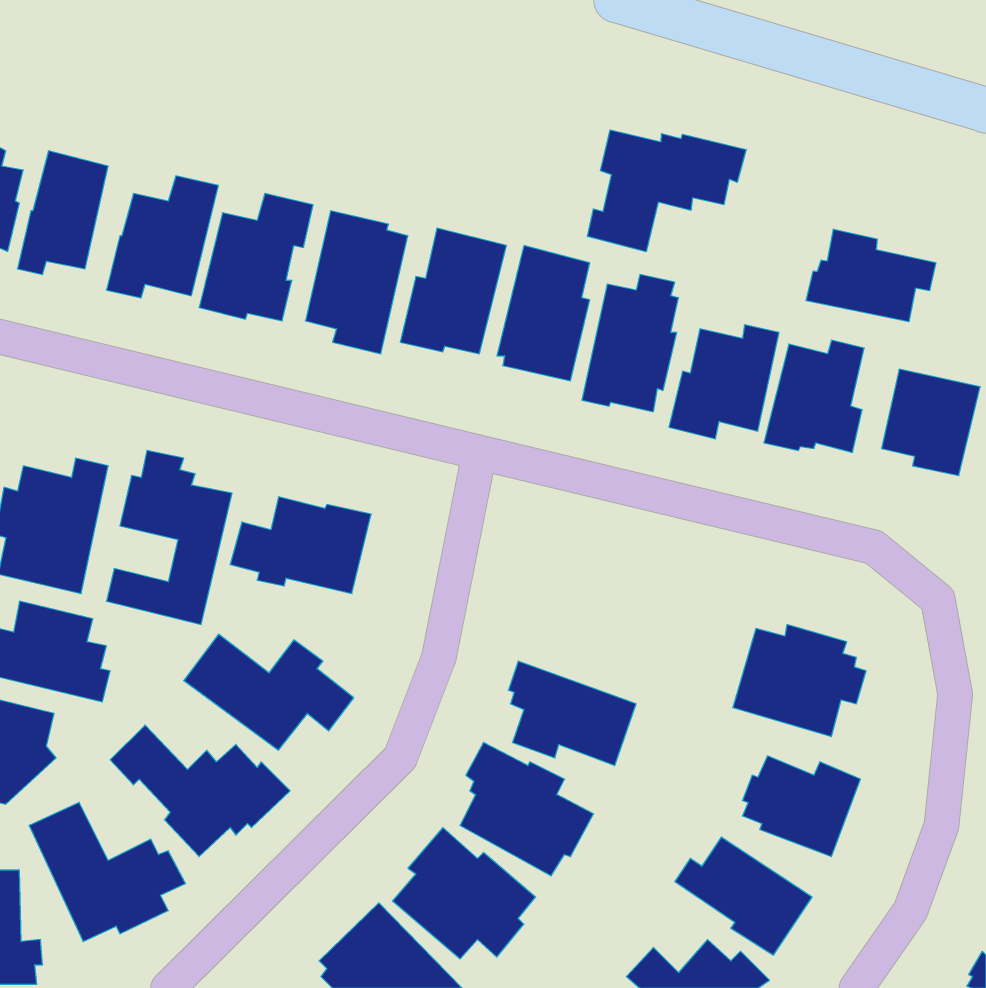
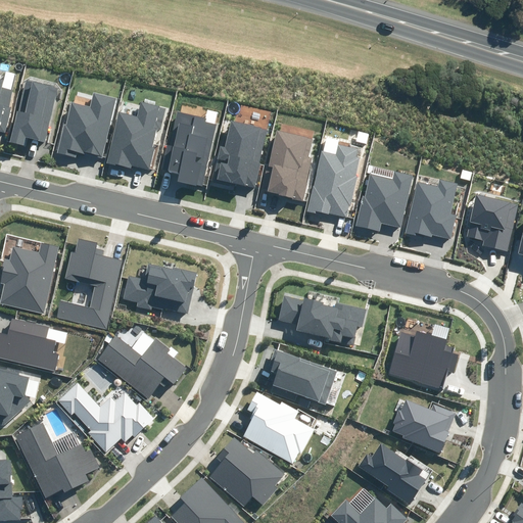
building: [587,130,746,252] -> none
building: [806,229,936,322] -> none
building: none -> [277,295,366,345]

